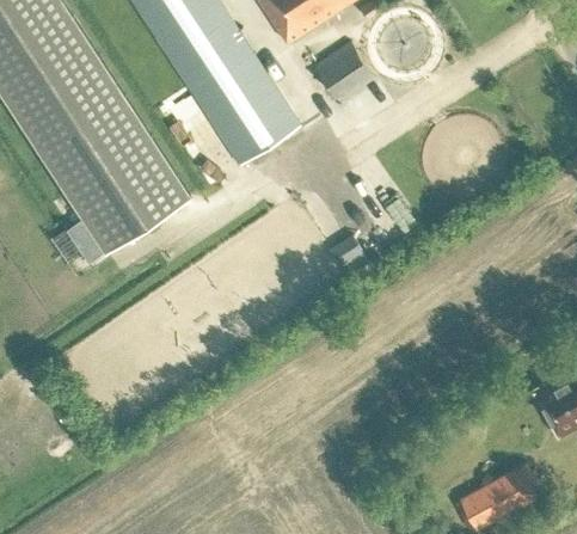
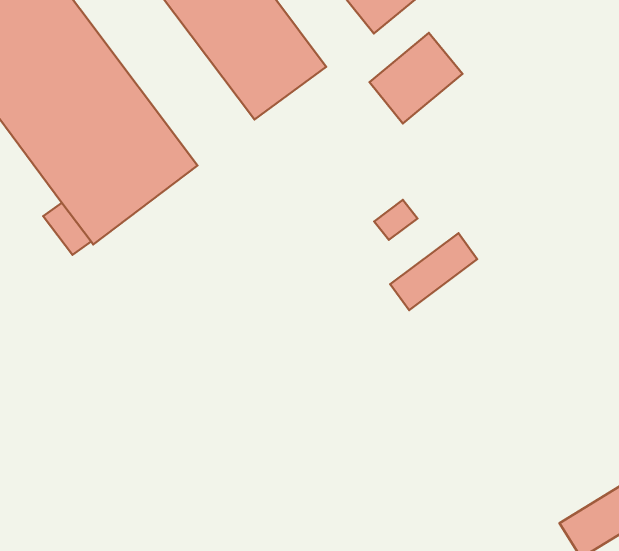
building: none -> [369,33,463,123]
building: none -> [390,233,477,310]

